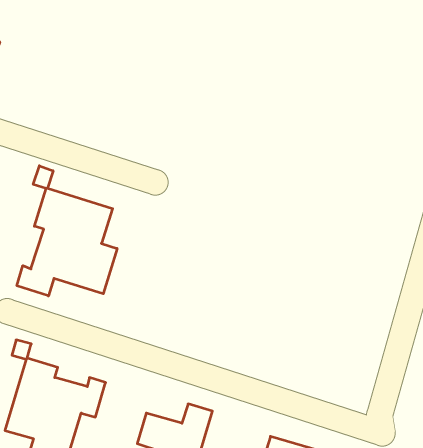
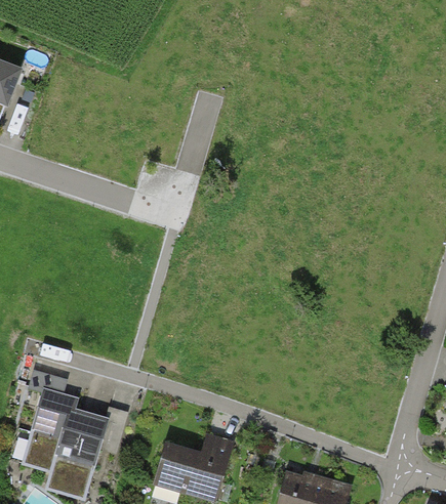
building: [17,166,117,296] -> none

